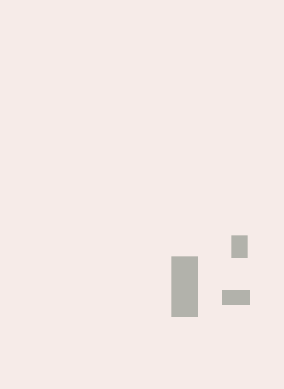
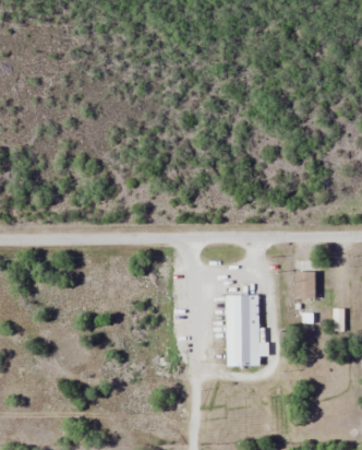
building: [221,289,250,306] -> none

